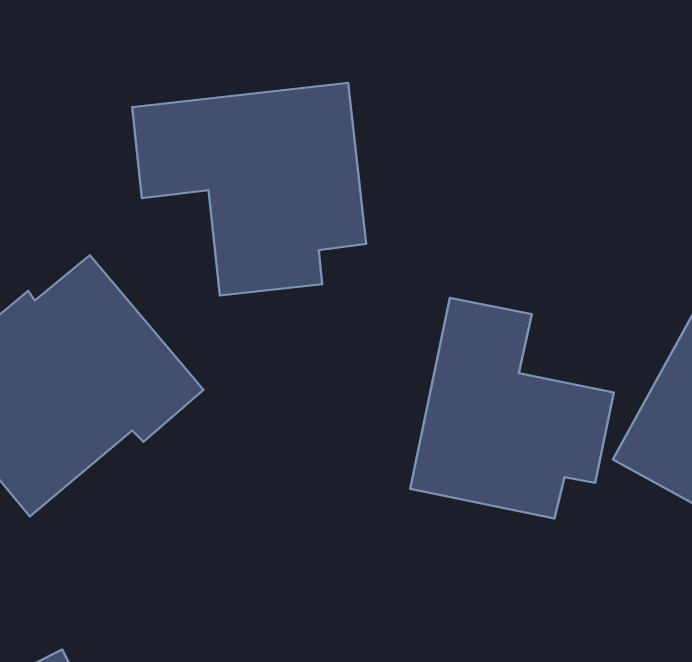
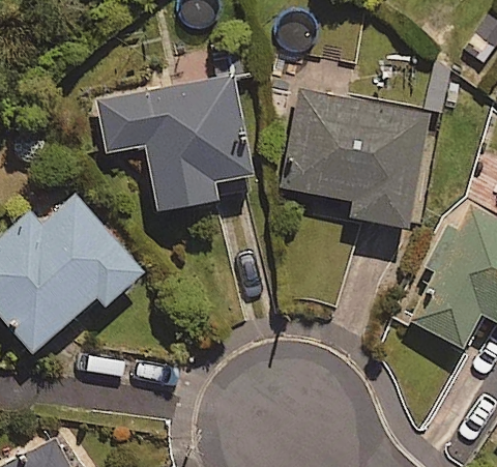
building: none -> [281,89,431,229]
building: [410,298,614,519] -> none

